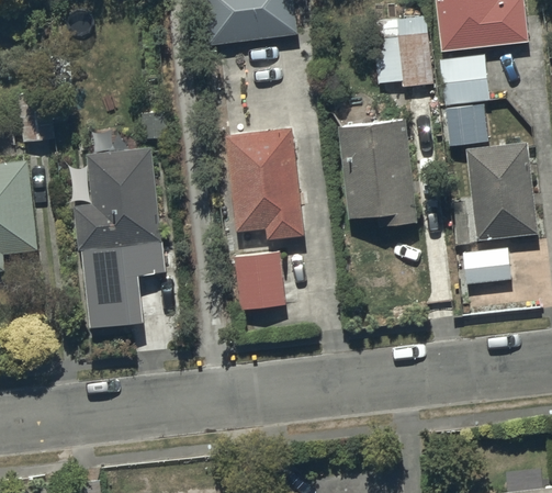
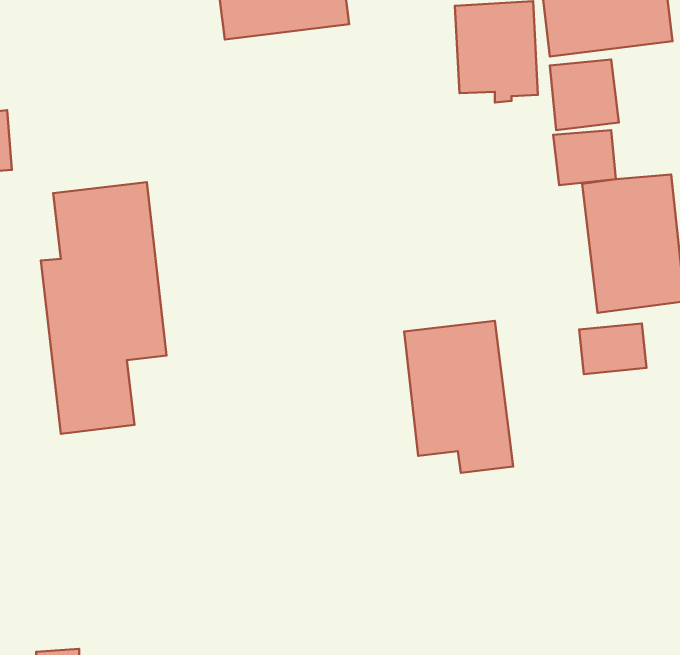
building: [339,121,417,229] -> [404,321,513,473]
building: [226,127,302,238] -> none
building: [232,257,283,314] -> none

